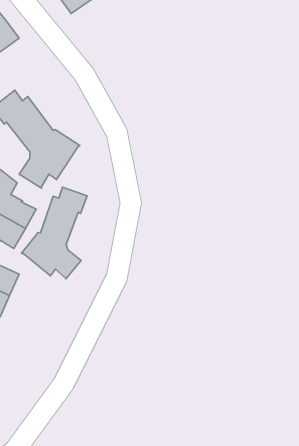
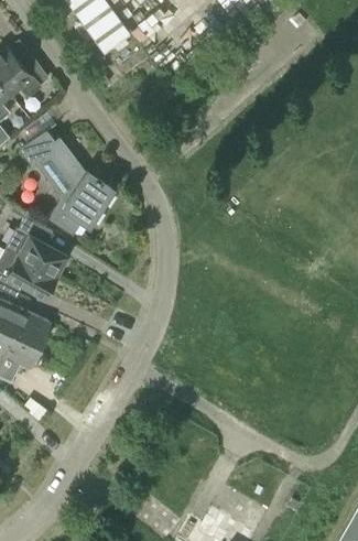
building: [22,187,87,279] -> none

